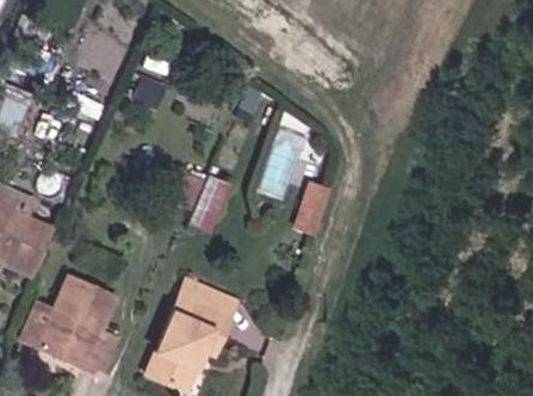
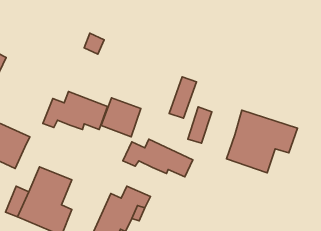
building: none -> [43,91,108,129]
building: none -> [227,110,298,173]
building: none -> [123,139,193,177]

